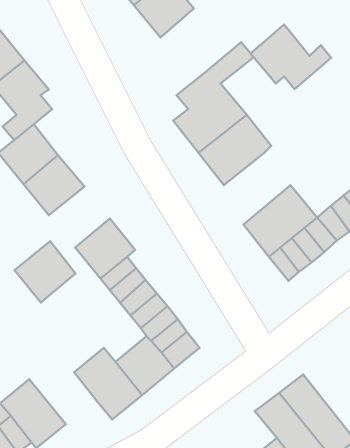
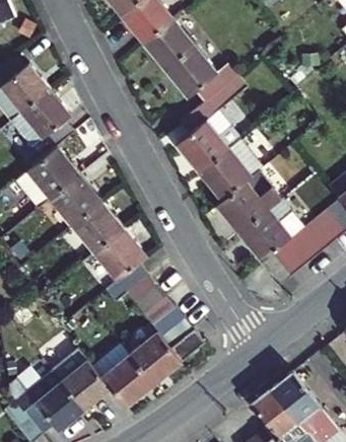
building: [251,25,331,89] -> [166,45,237,101]
building: none -> [216,171,281,234]
building: [14,241,76,302] -> [68,201,122,254]
building: none -> [51,348,110,410]

